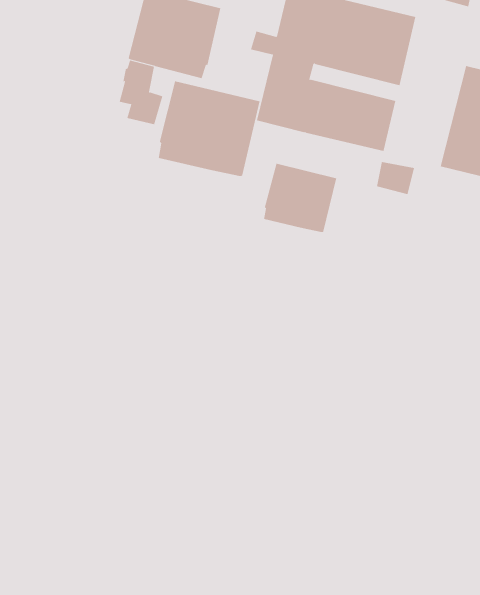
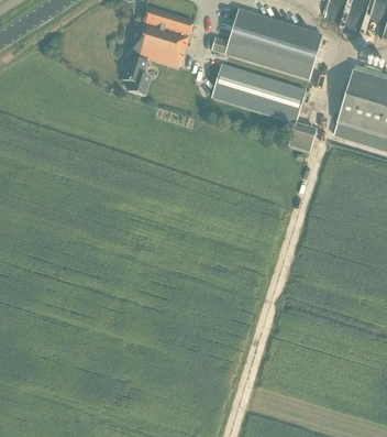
building: [158,80,260,177] -> none
building: [263,163,337,233] -> none

